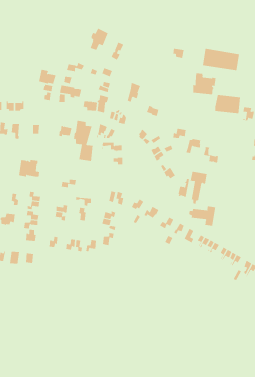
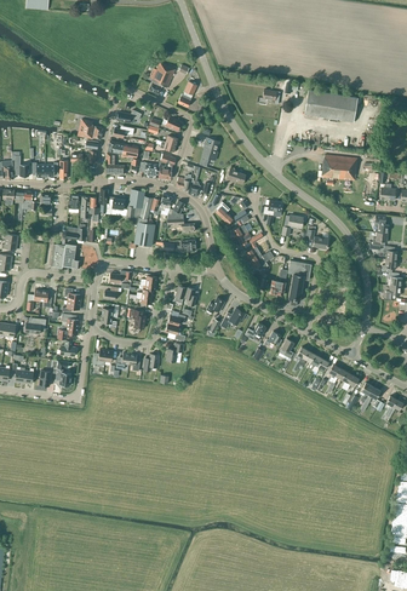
building: [193,72,216,95] -> none
building: [189,205,216,227] -> none

